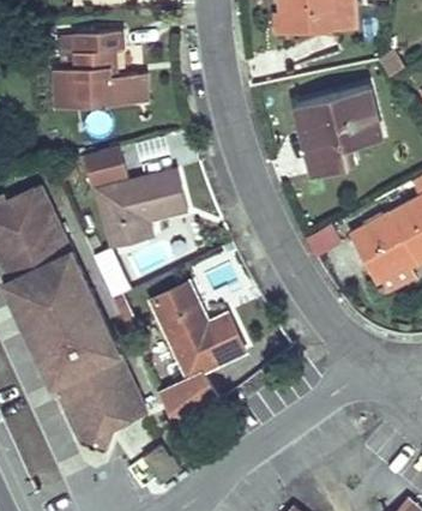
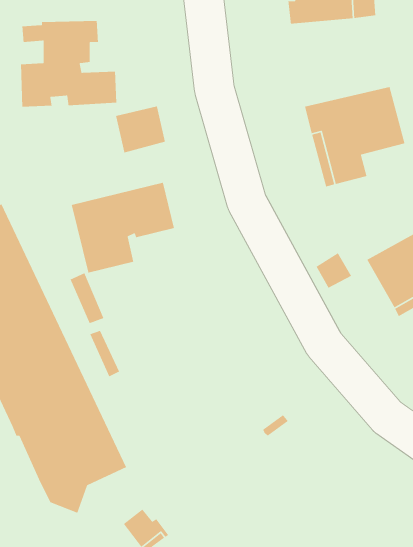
building: [83,146,126,187] -> [115,106,166,153]
building: [152,282,245,435] -> none

